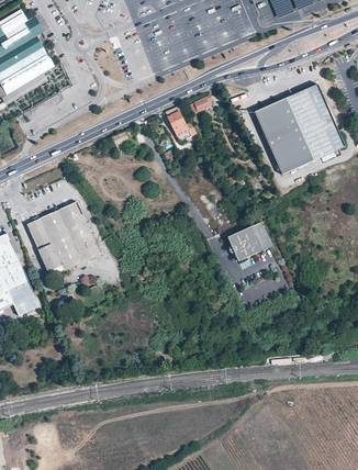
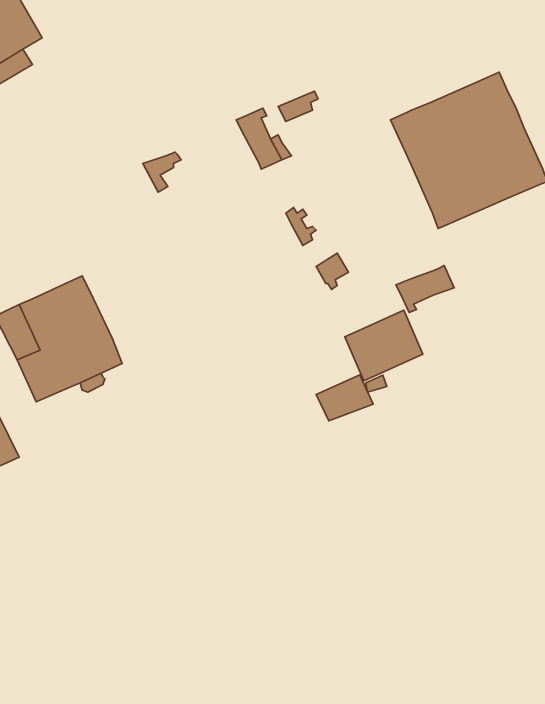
building: none -> [396,265,454,313]
building: none -> [316,375,373,421]

